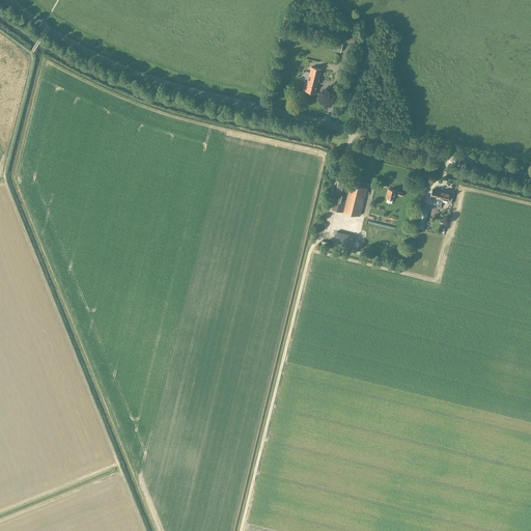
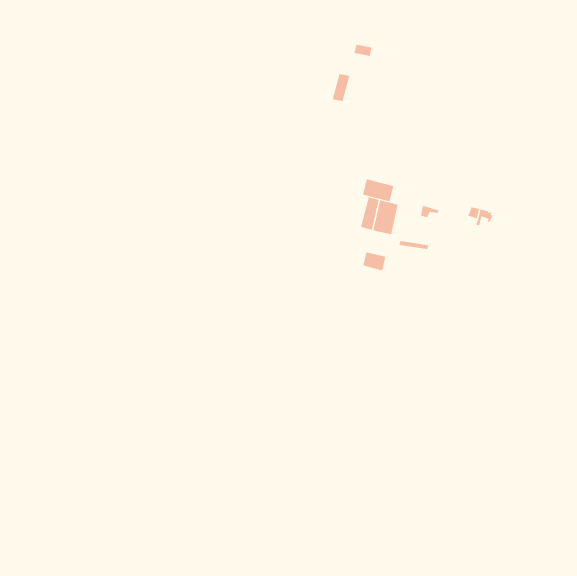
building: none -> [362,179,394,202]

